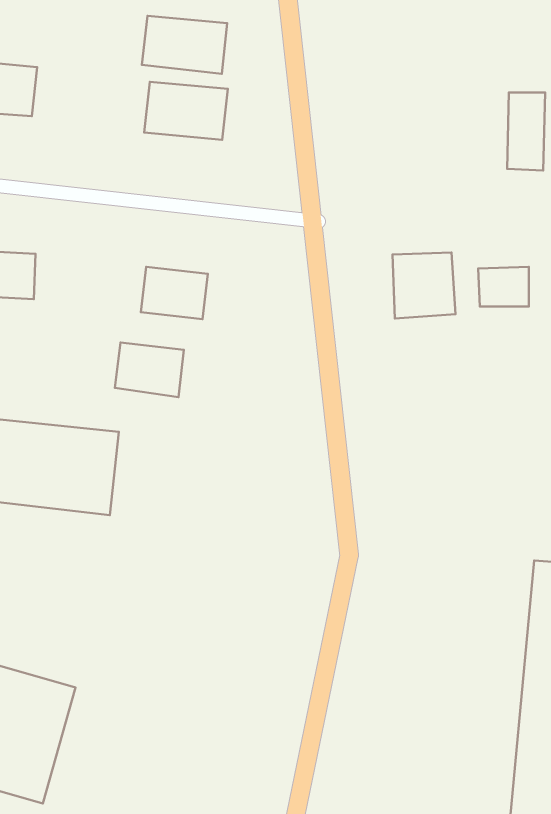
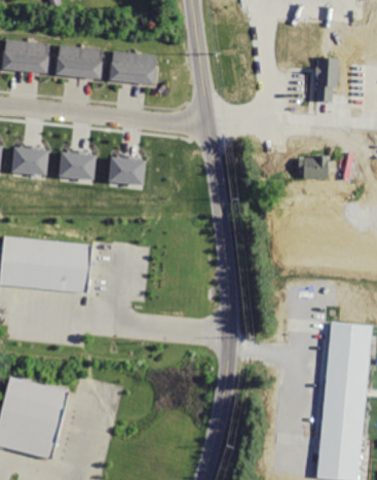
building: [142,16,227,74] -> [56,44,105,77]
building: [392,253,455,319] -> none
building: [115,343,184,397] -> [58,149,97,180]

